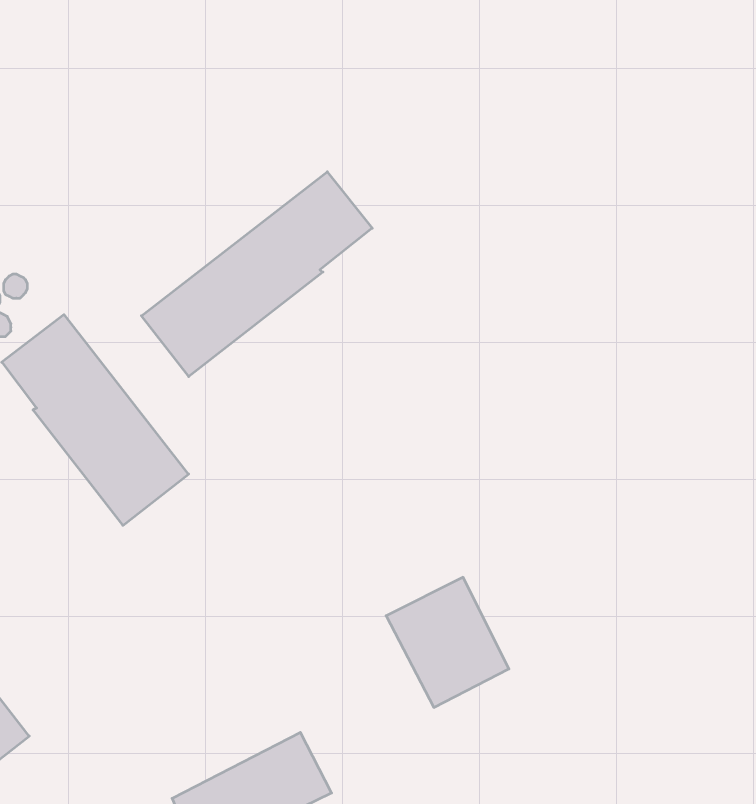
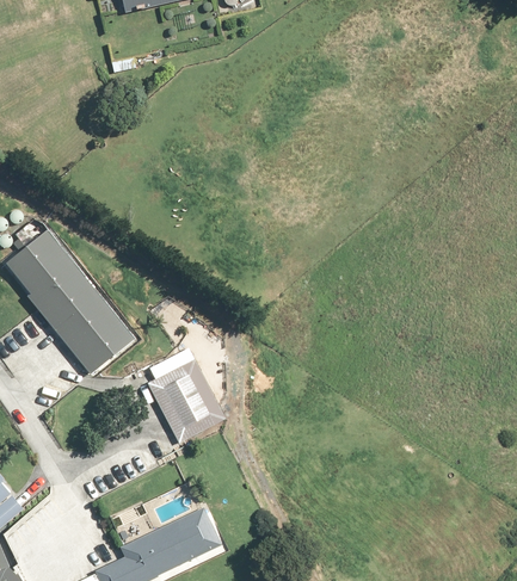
building: [141,172,372,377] -> none
building: [386,577,509,707] -> [148,357,228,441]

